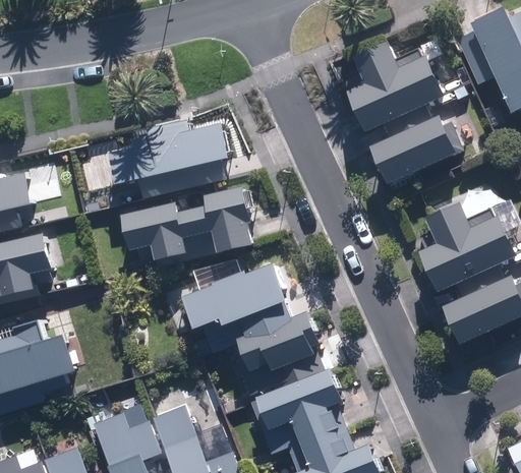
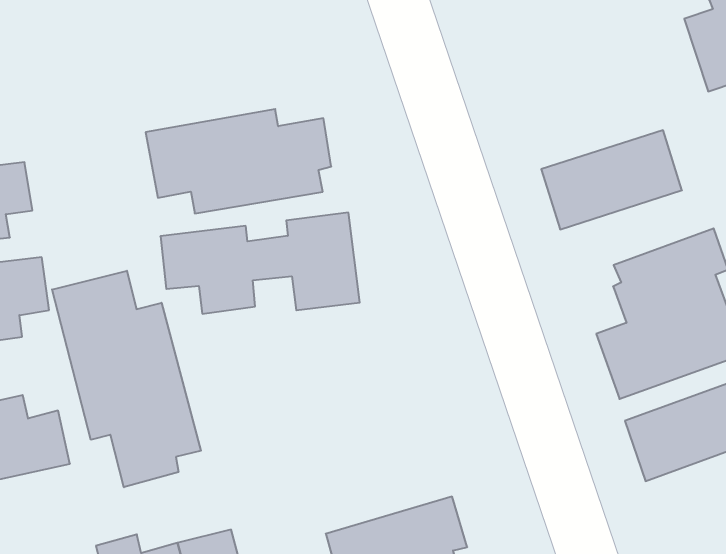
building: [345,45,444,133] -> none
building: none -> [52,271,201,487]
building: [180,264,289,332] -> none
building: [235,305,321,374] -> none

